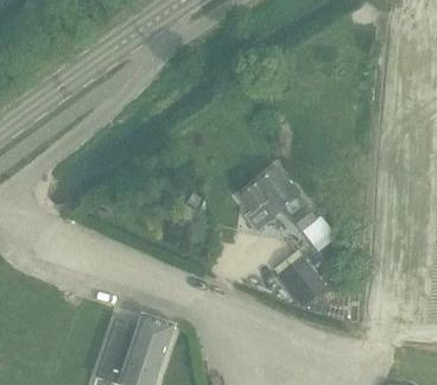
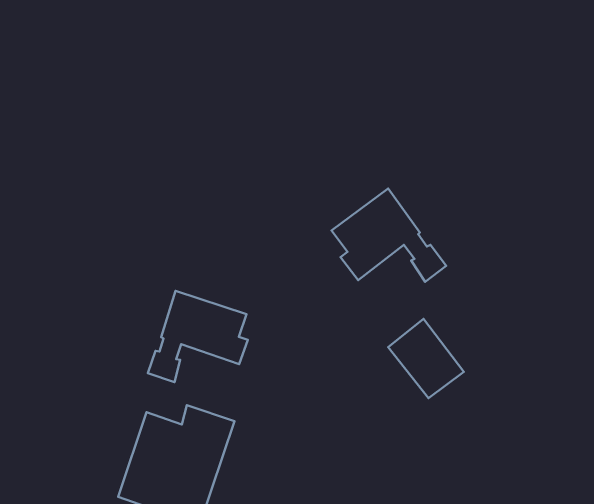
building: none -> [148,291,248,382]

